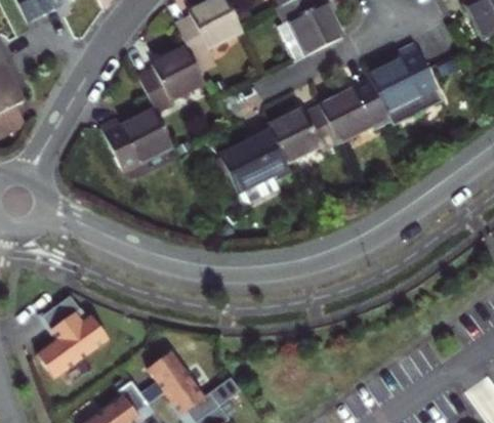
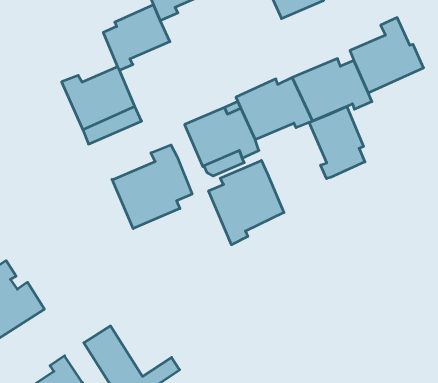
building: none -> [309,107,365,179]
building: none -> [112,145,192,229]
building: none -> [209,160,284,245]

